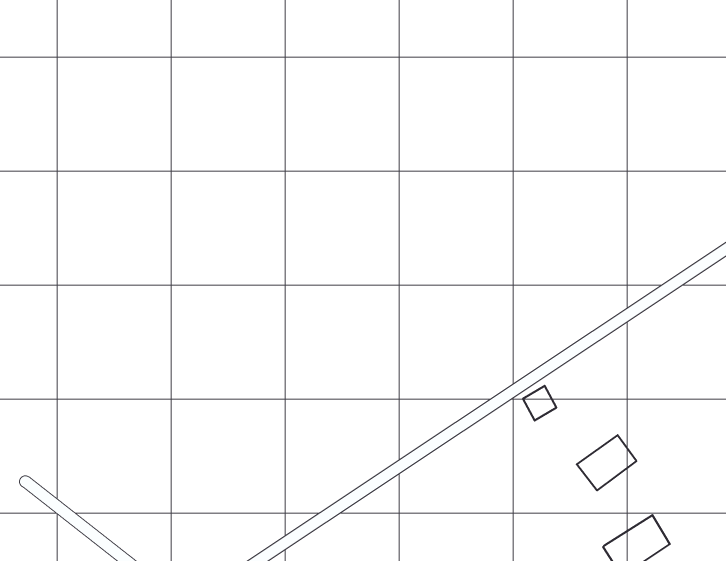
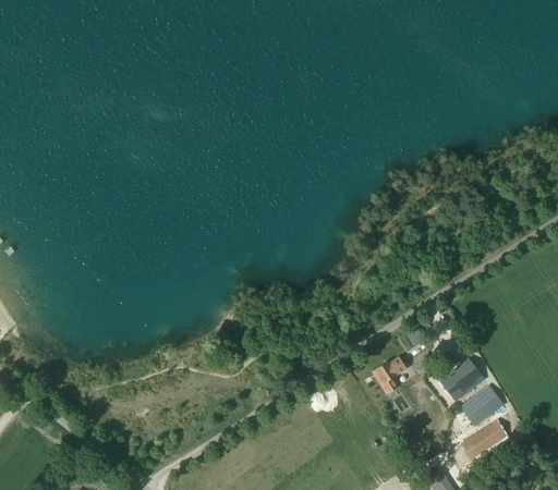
building: none -> [372,357,405,394]
building: none -> [460,384,504,426]

